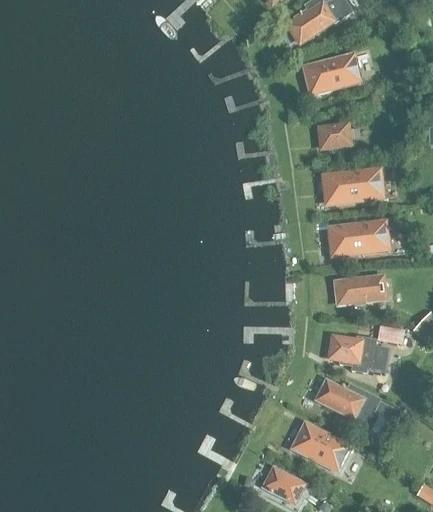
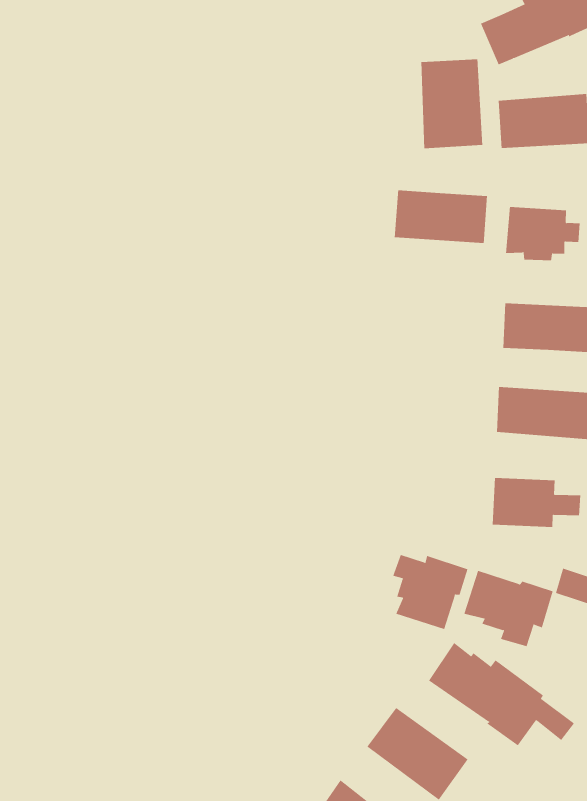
building: none -> [421,58,483,149]
building: none -> [394,189,488,244]
building: none -> [393,554,468,630]

